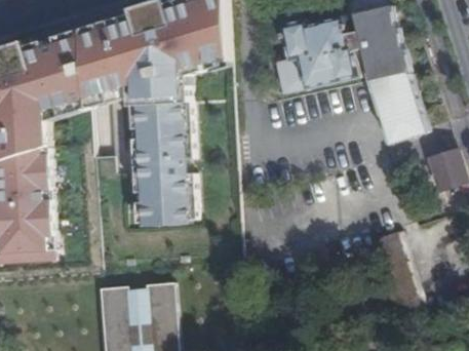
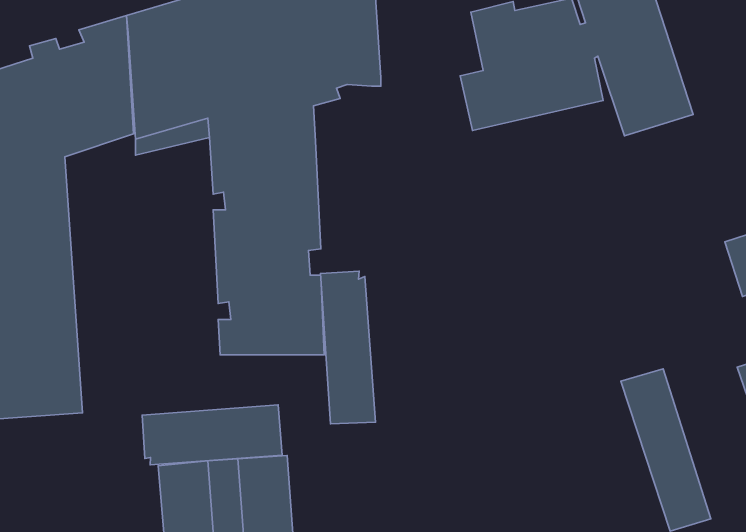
building: [370,84,426,144] -> none
building: none -> [321,271,375,424]
building: none -> [142,405,282,465]

